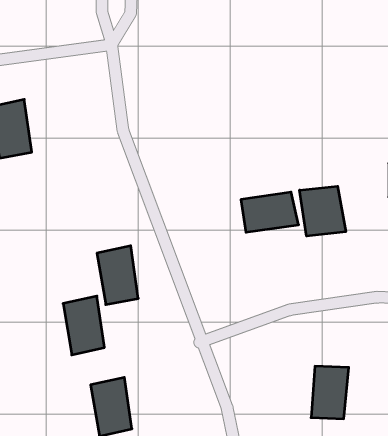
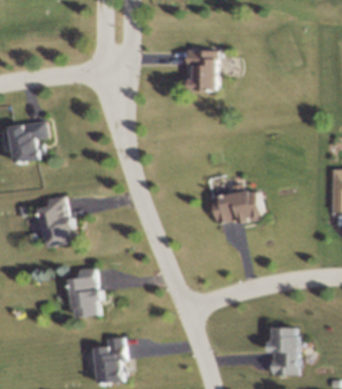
building: none -> [188,45,218,88]
building: [300,186,346,236] -> none
building: [97,246,138,305] -> [39,199,73,246]

